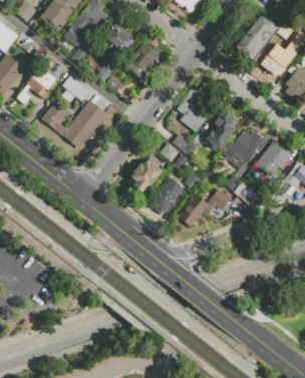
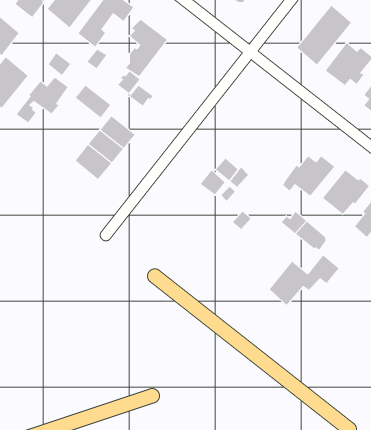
building: [124,44,162,79] -> none
building: [175,86,212,132] -> none
building: [41,101,70,135] -> none
building: [205,116,235,151] -> none
building: [127,159,163,194] -> none
building: [149,180,180,214] -> none
building: [177,188,232,229] -> [269,254,340,306]

